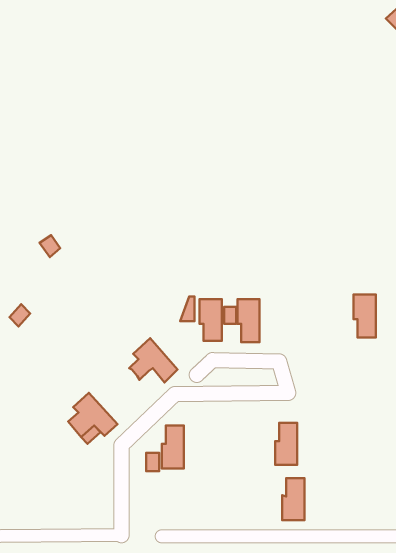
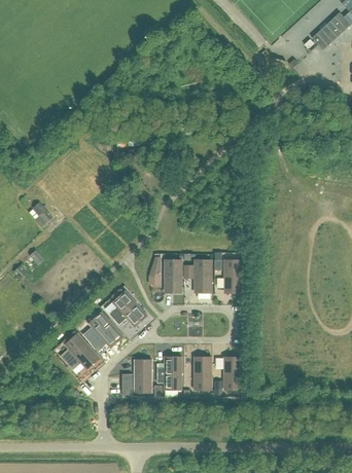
building: [354,294,376,338] -> [223,258,241,292]
building: none -> [87,311,122,344]
building: none -> [156,356,181,389]
building: [282,478,304,520] -> [193,356,211,389]

